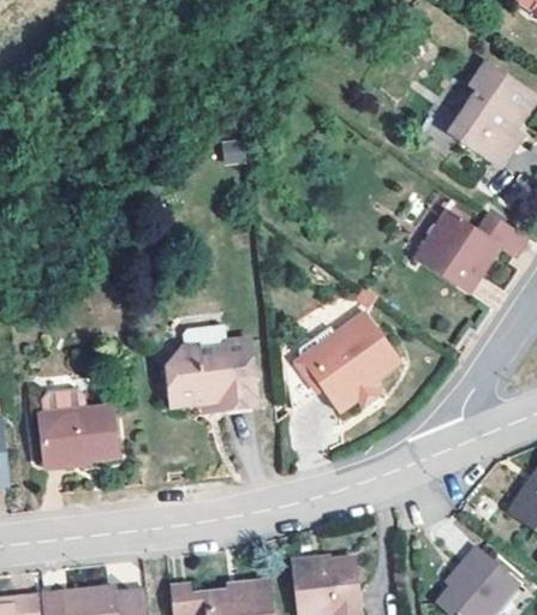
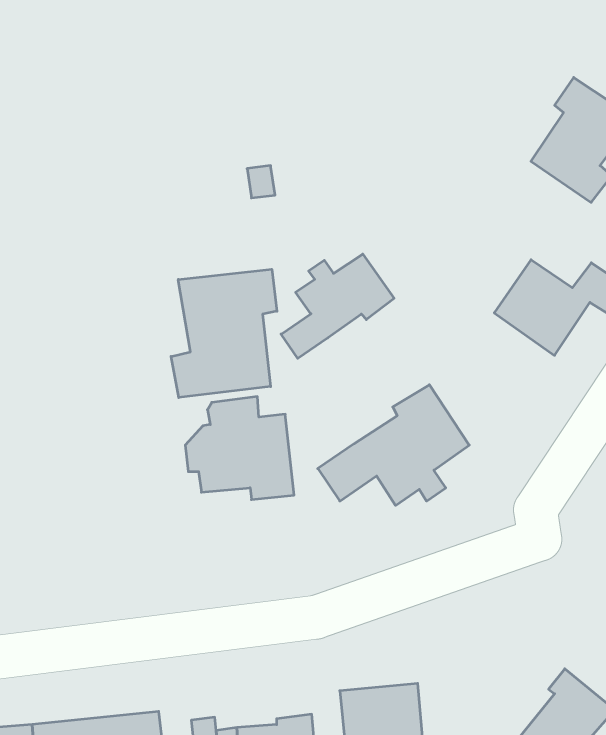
building: none -> [281,254,394,358]
building: none -> [171,269,277,398]
building: [38,390,117,468] -> none

